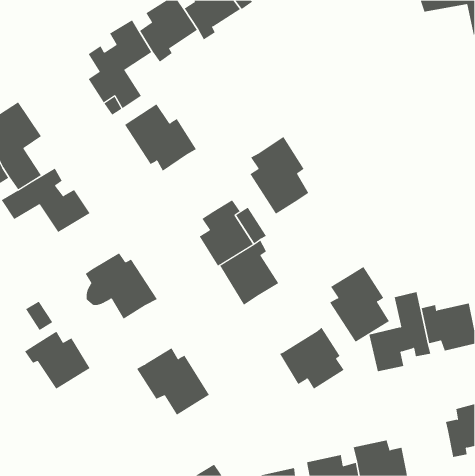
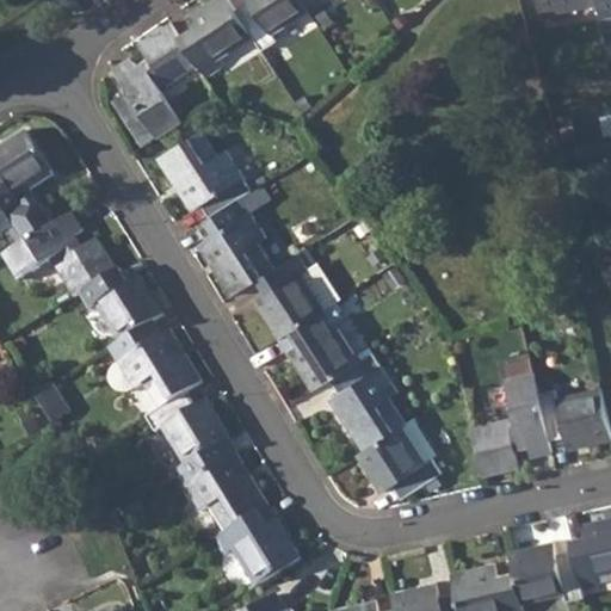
building: [249,136,309,214] -> [196,198,272,298]
building: none -> [78,271,162,345]
building: [329,266,390,343] -> [328,353,406,451]
building: [24,331,90,390] -> [144,391,229,467]
building: none -> [216,513,301,586]
building: none -> [510,541,582,603]

